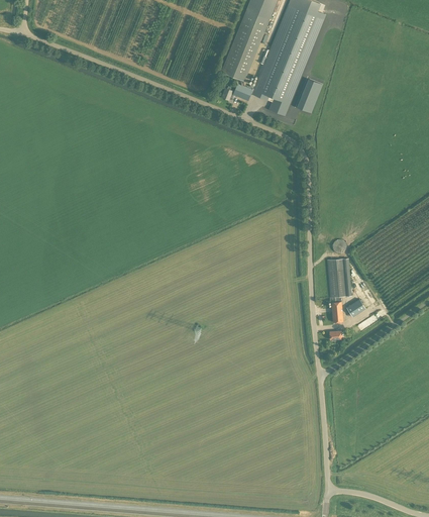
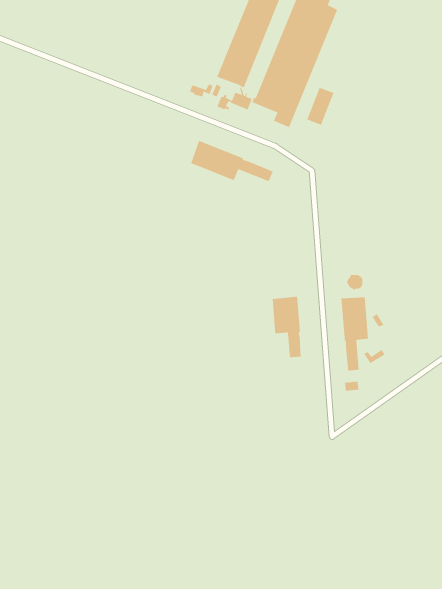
building: none -> [190,140,274,182]
building: none -> [272,296,302,358]

